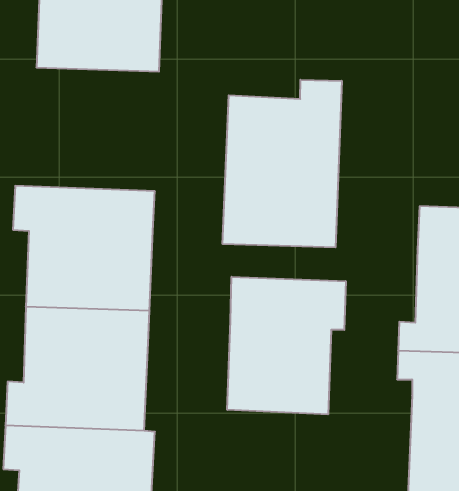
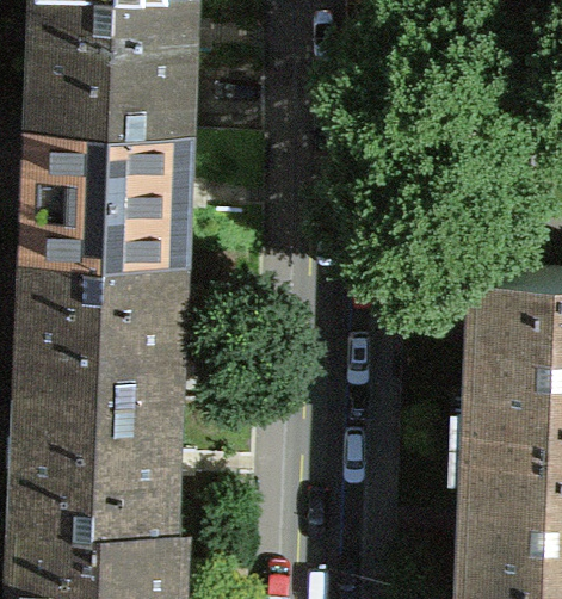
building: none -> [21,118,183,257]
building: [223,80,342,247] -> none
building: [227,277,346,414] -> none

